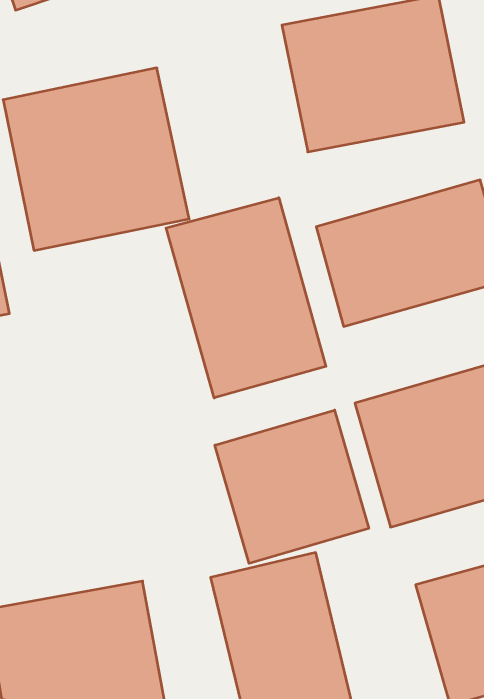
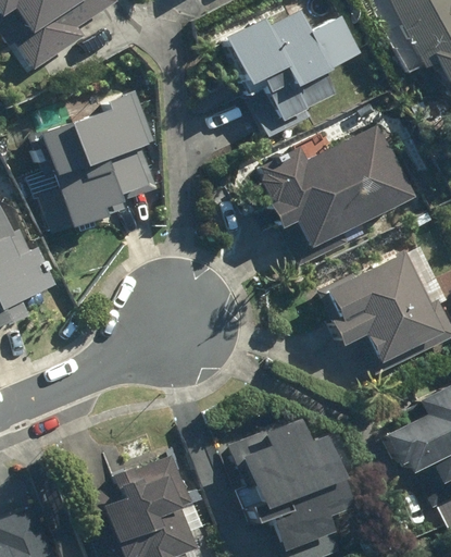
building: [166,198,326,398] -> none
building: [215,410,369,563] -> none

